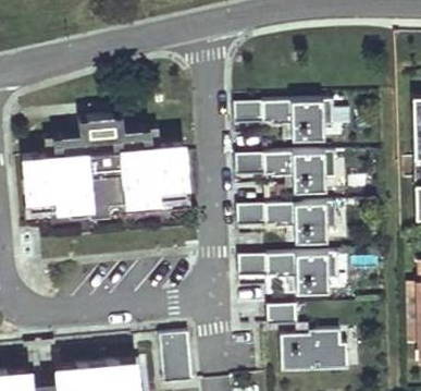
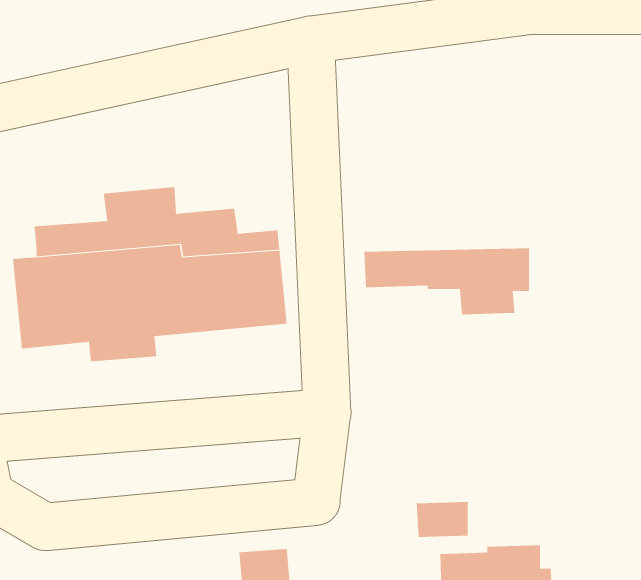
building: [235,100,335,142] -> none
building: [238,203,338,244] -> none
building: [239,253,339,294] -> none

